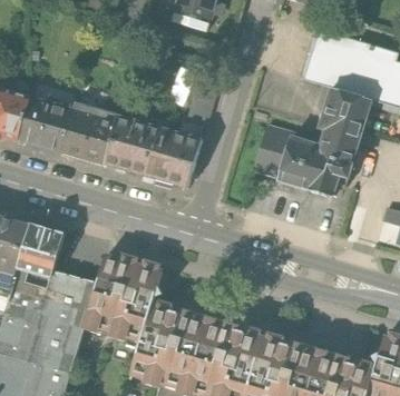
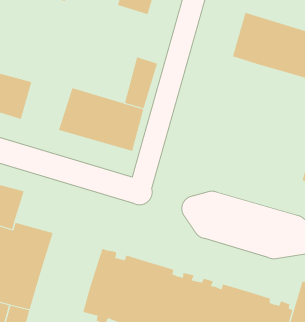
building: [254,88,370,197] -> none
building: [60,108,118,164] -> none
building: [82,254,167,345] -> none

